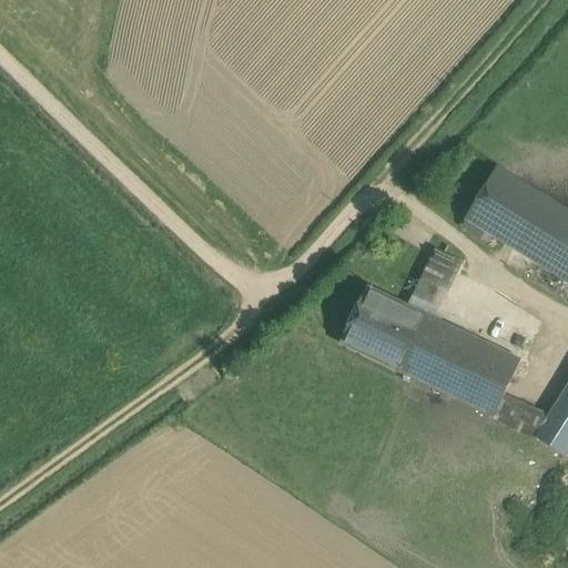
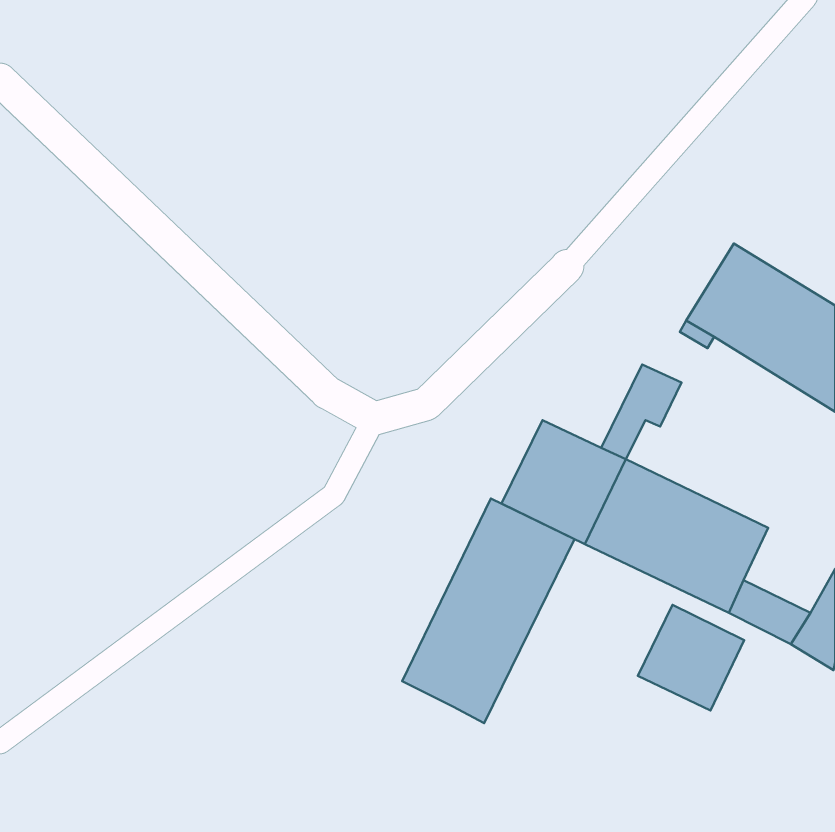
building: none -> [402,499,574,723]
building: none -> [638,605,744,711]

